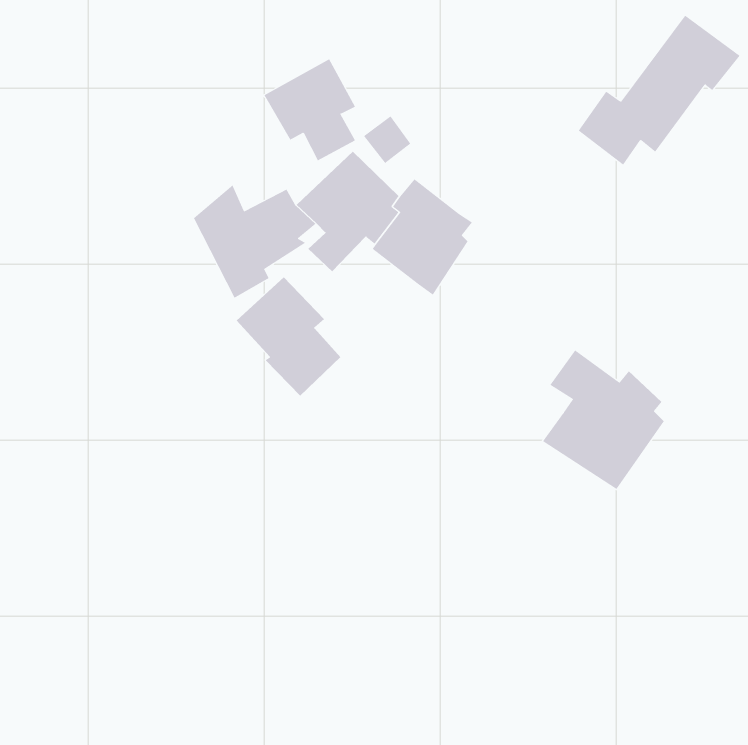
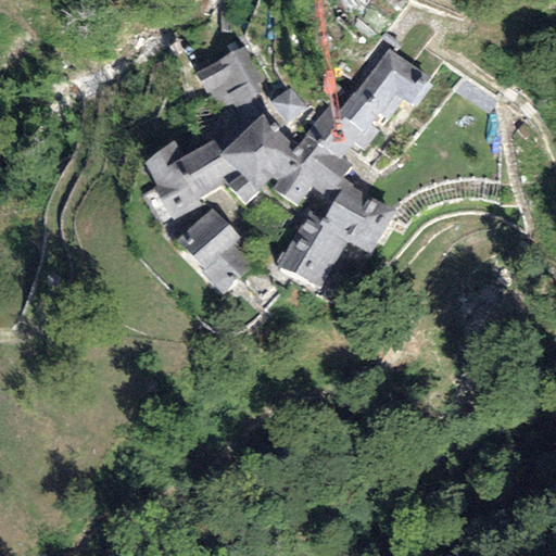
building: [578,15,740,166] -> [307,47,428,159]
building: none -> [277,179,395,287]
building: [542,350,665,490] -> none

